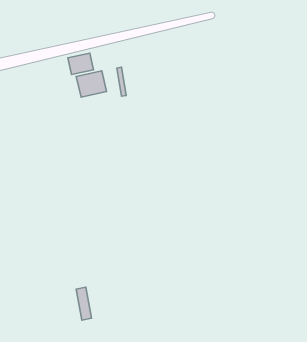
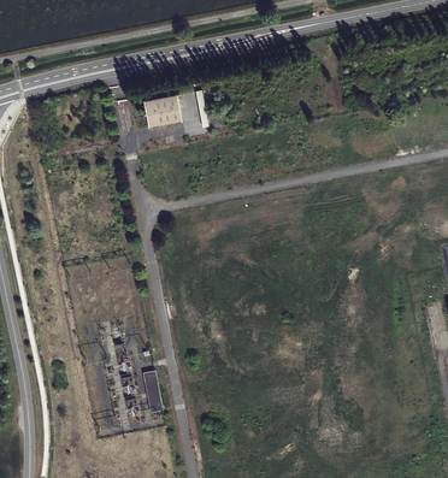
building: [68,53,94,75] -> none

